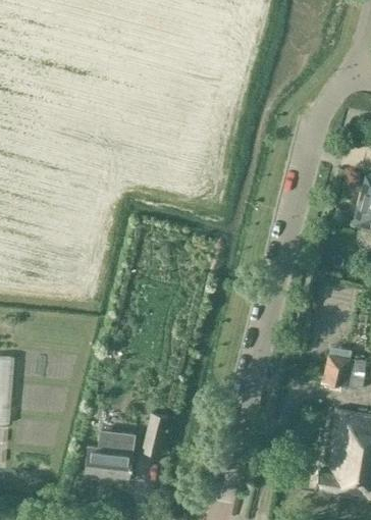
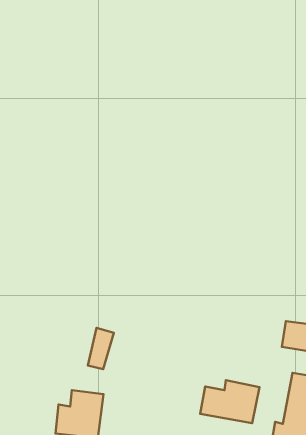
building: [142,415,169,459] -> [88,328,114,369]
building: none -> [200,380,259,423]

